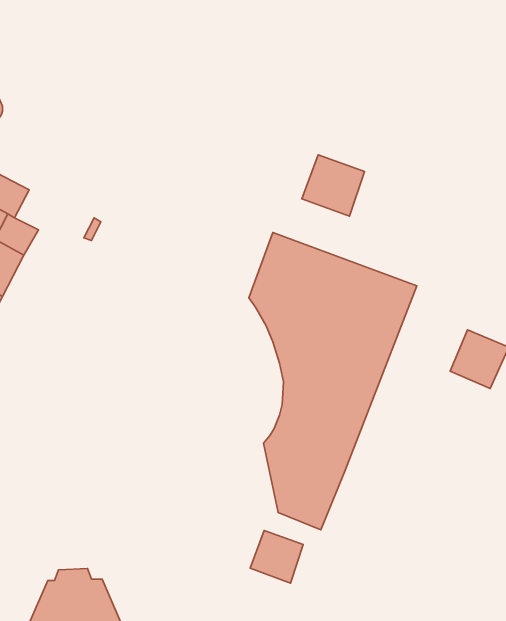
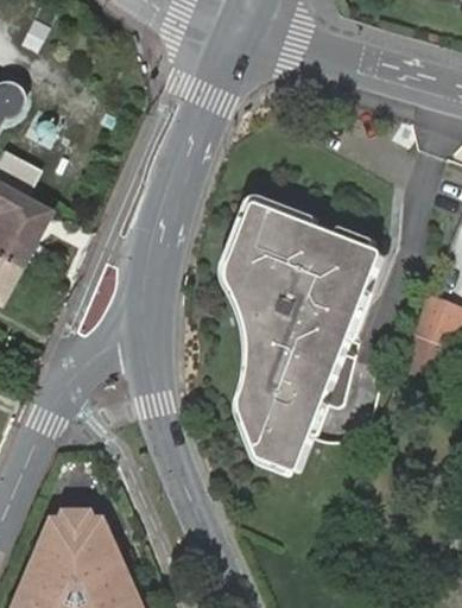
building: [302,155,364,216] -> none
building: [250,531,303,583] -> none

